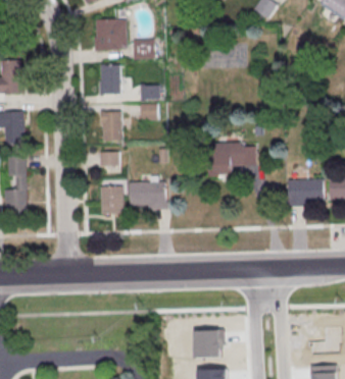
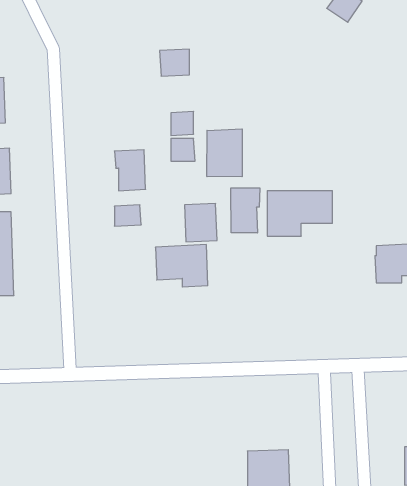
building: [93,20,127,50] -> none
building: [99,65,120,95] -> none
building: none -> [207,129,242,177]
building: none -> [231,188,260,233]
building: [100,186,124,214] -> [185,204,217,242]

